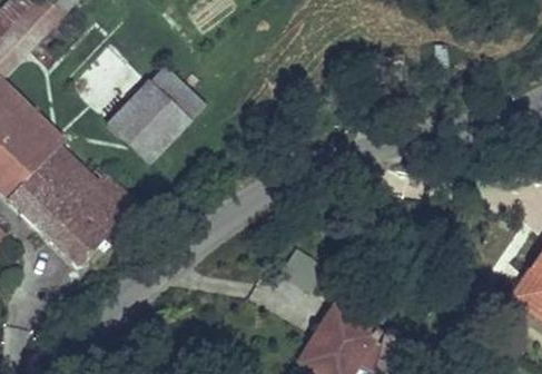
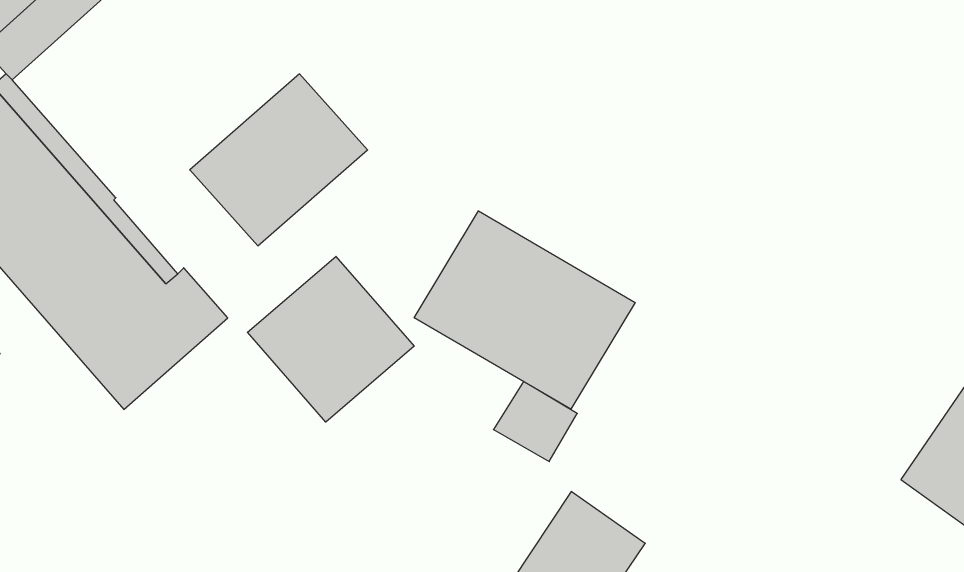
building: none -> [414,211,635,409]
building: none -> [247,256,414,422]

